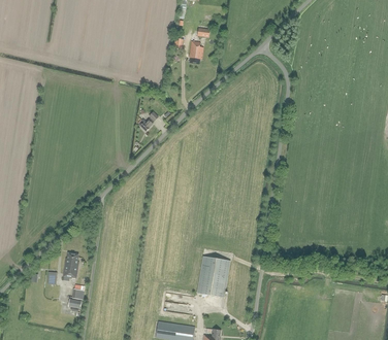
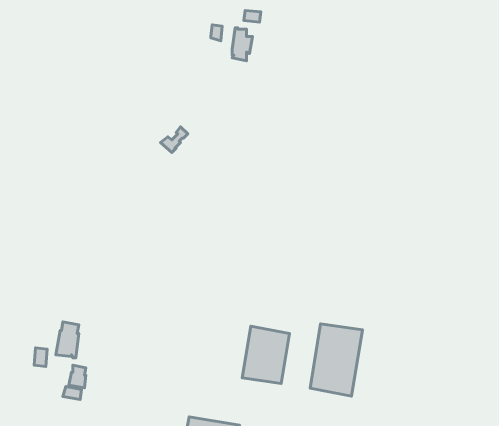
building: none -> [310,324,362,396]

